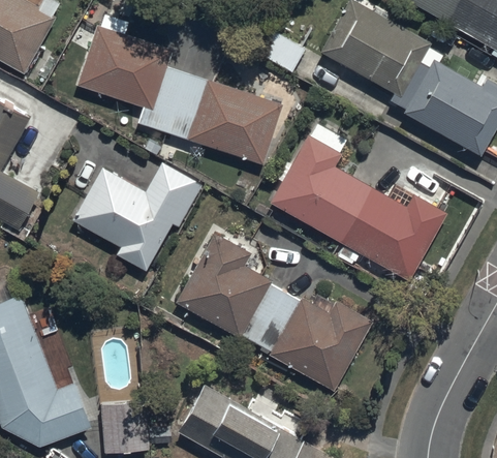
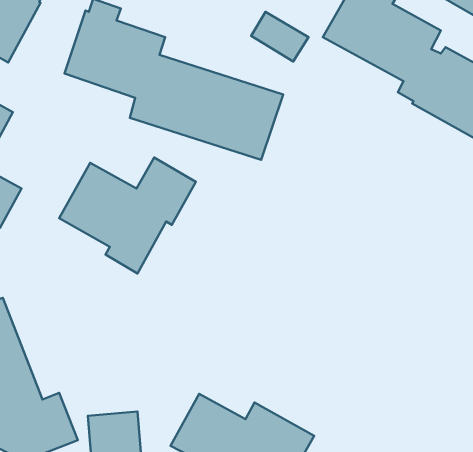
building: [271,124,446,281] -> none
building: [174,230,371,391] -> none

